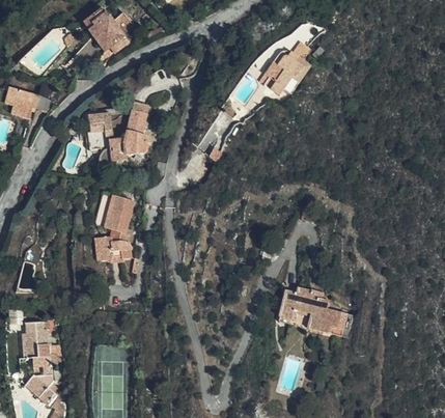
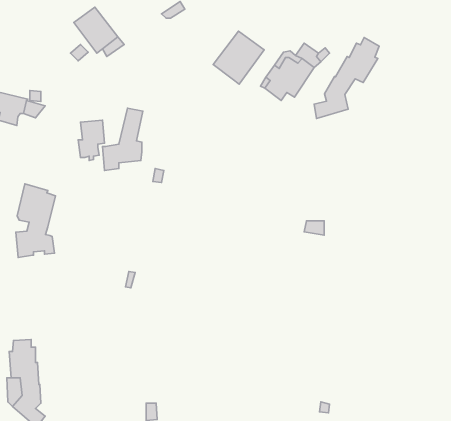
building: none -> [213,31,264,84]
building: none -> [314,38,379,119]
building: [95,192,133,261] -> [16,184,55,257]
building: [280,286,346,336] -> none

